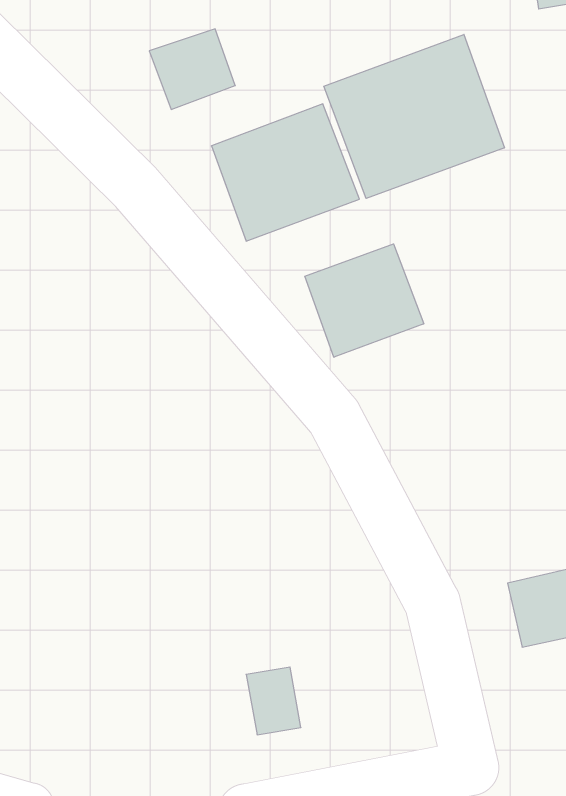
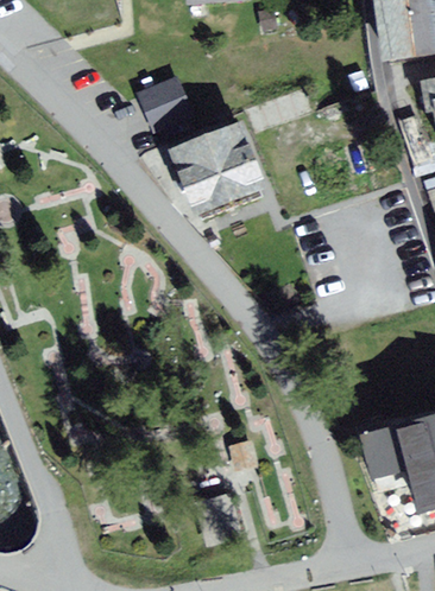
building: [324,34,504,198] -> none
building: [305,244,424,357] -> none

